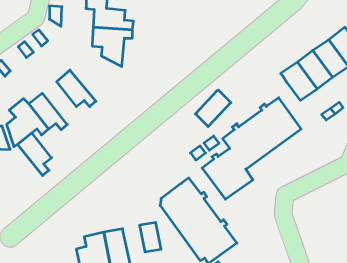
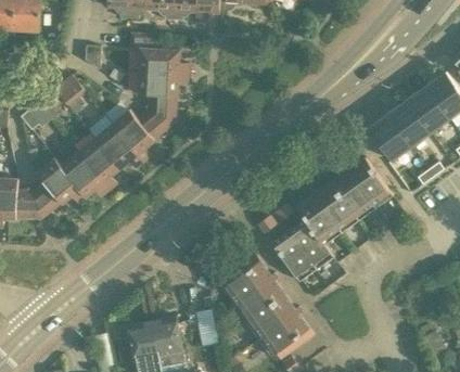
building: none -> [111,110,170,162]
building: [195,90,231,127] -> none
building: [18,133,52,176] -> [77,138,118,190]

